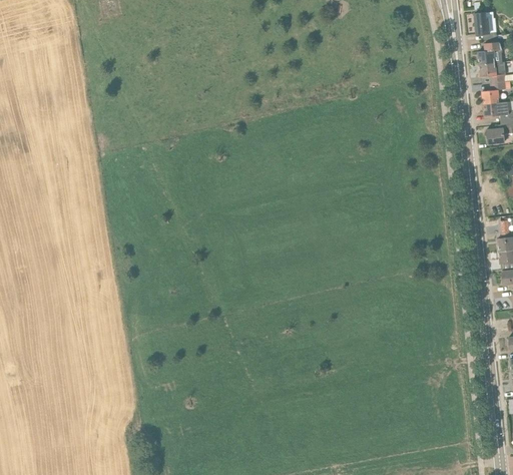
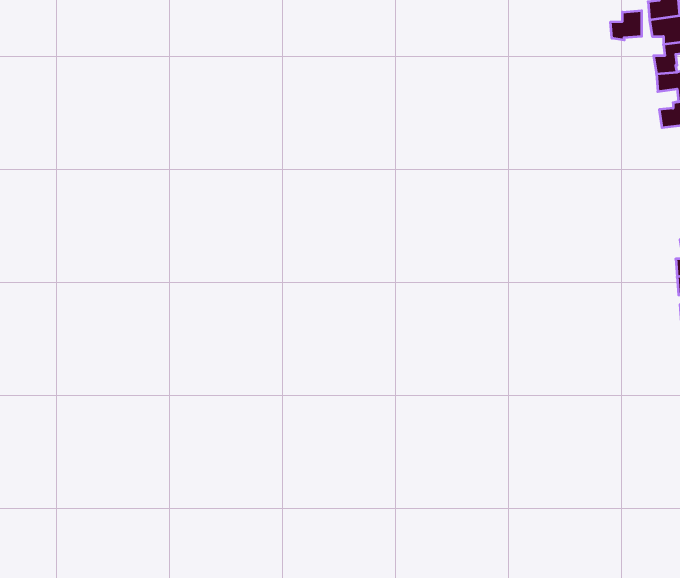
building: none -> [611,11,642,40]

